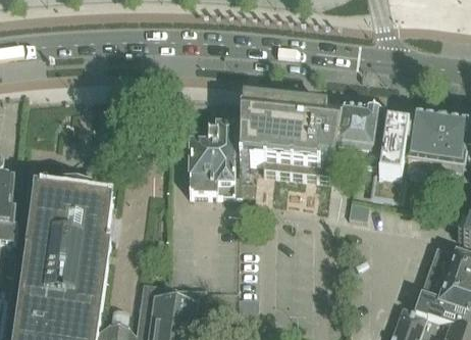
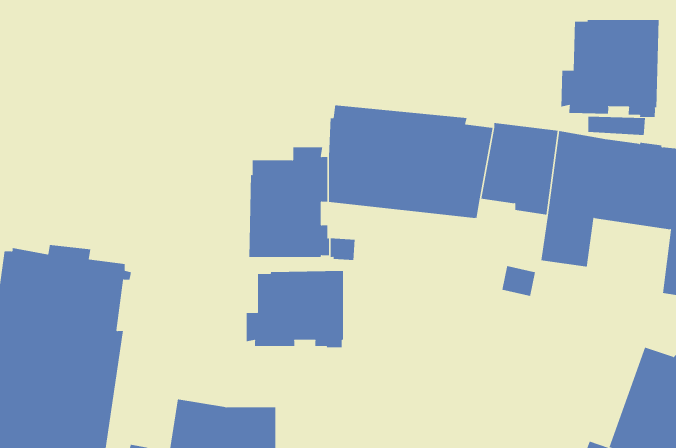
building: none -> [561,19,659,118]
building: none -> [246,270,344,348]

